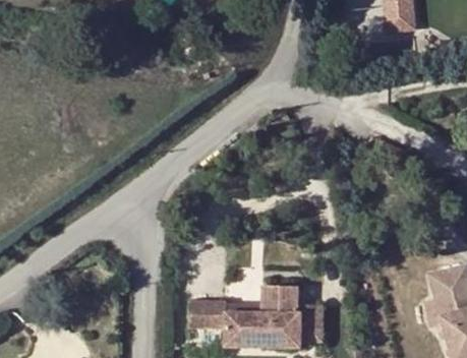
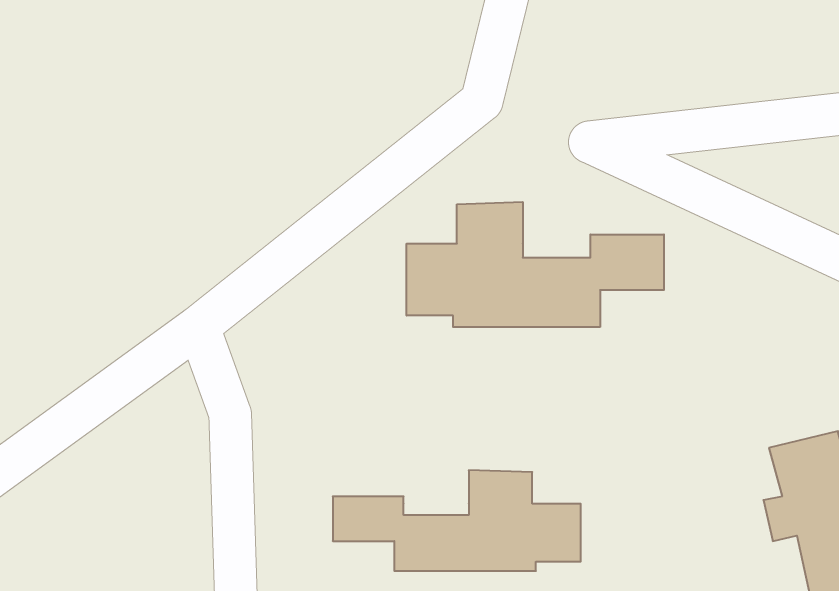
building: none -> [407,202,664,327]

